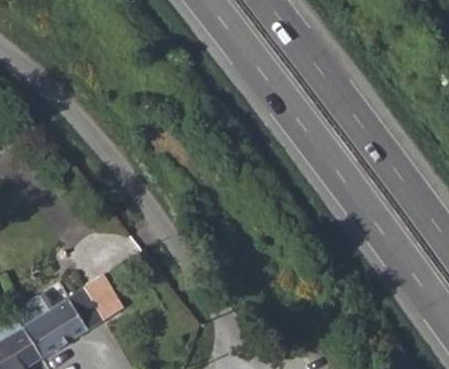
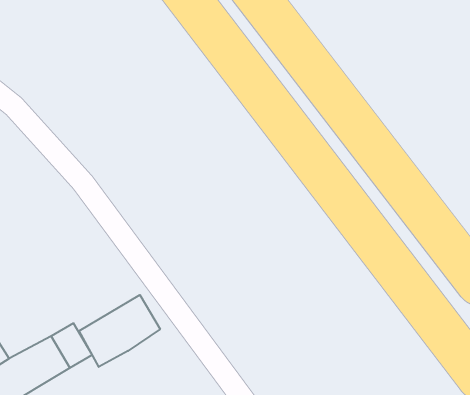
building: none -> [79,295,160,367]

